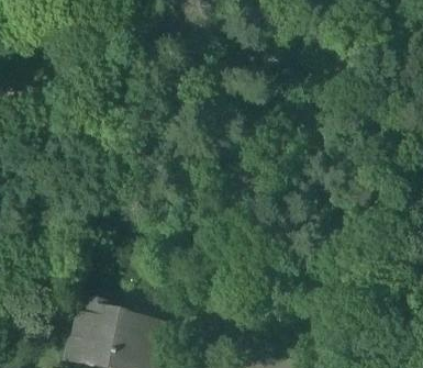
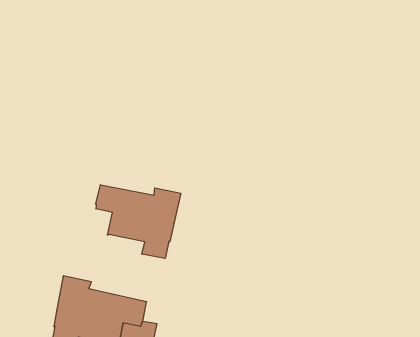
building: none -> [96,185,181,258]

